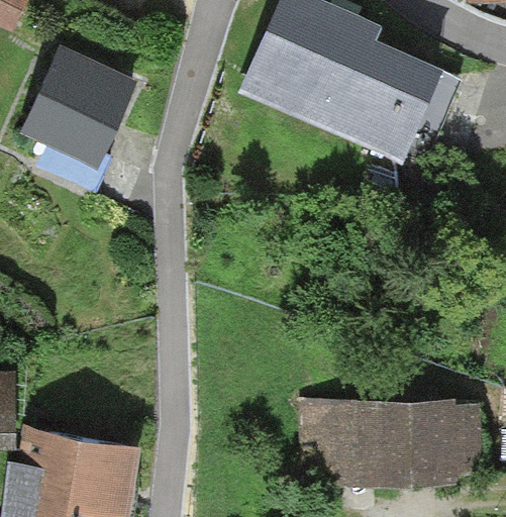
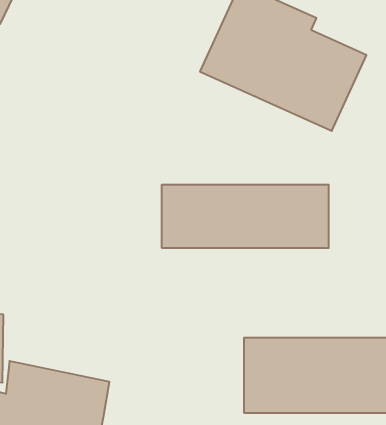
building: [20,50,135,170] -> none
building: none -> [162,185,329,248]

